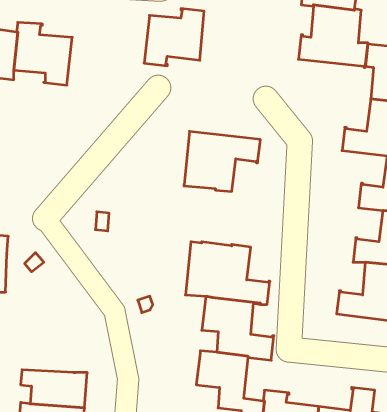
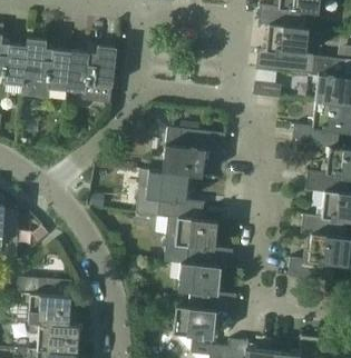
building: [144,9,204,66] -> [67,44,116,91]
building: none -> [135,169,204,220]
building: none -> [17,277,75,324]

